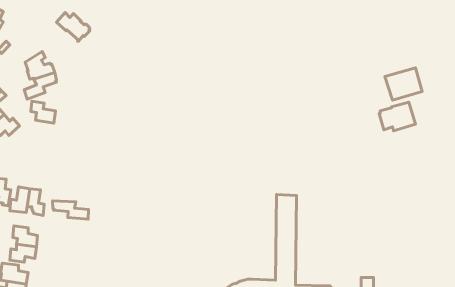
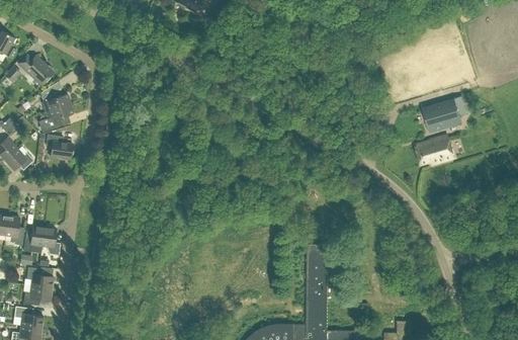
building: [57,13,90,41] -> [17,54,53,84]
building: [53,201,89,219] -> none

